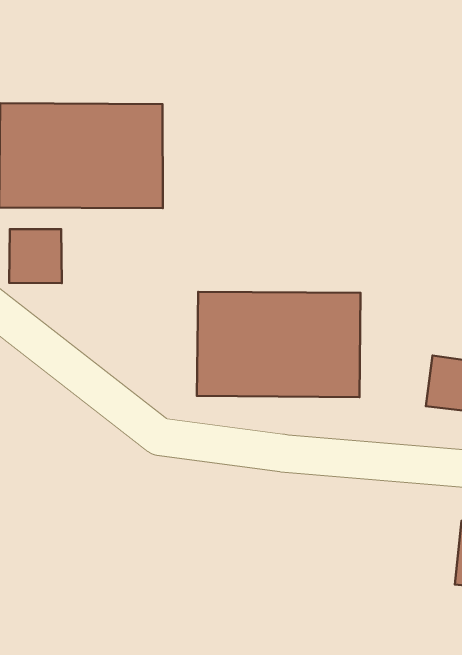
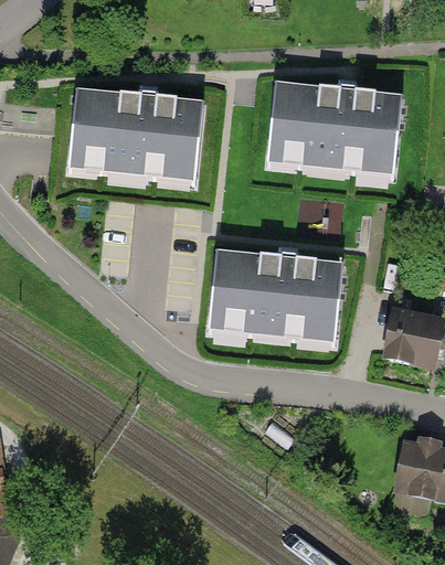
building: none -> [267,78,402,172]
building: [9,229,62,283] -> none

